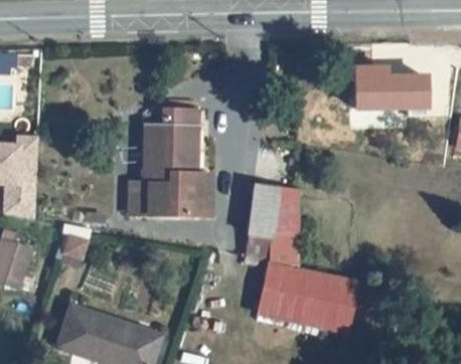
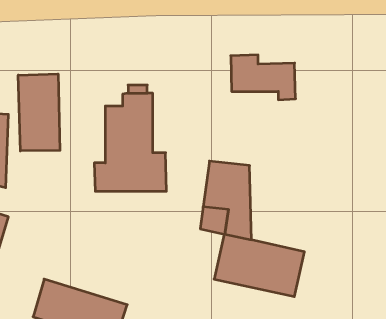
building: [355,64,427,114] -> [231,55,296,100]
building: none -> [18,74,60,151]
building: [59,223,87,262] -> none

